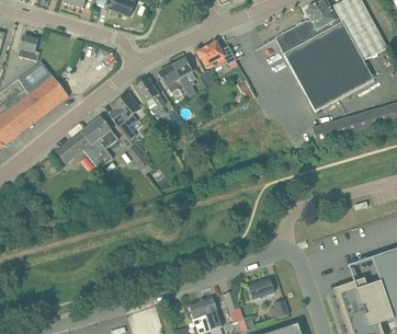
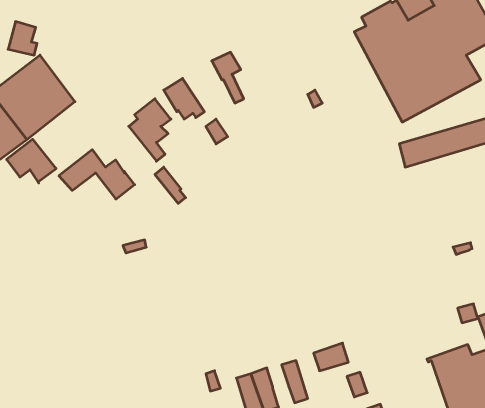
building: [197,41,236,66] -> none
building: [158,65,189,99] -> none
building: [81,116,118,149] -> [7,139,56,183]

